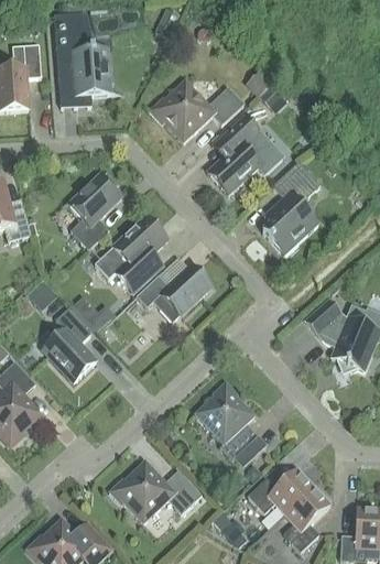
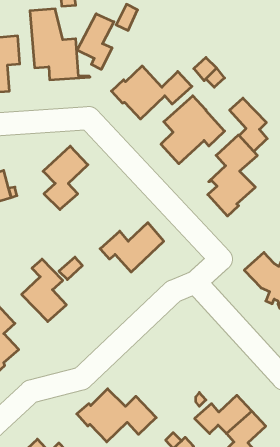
building: none -> [77,14,114,69]
building: none -> [230,98,267,152]
building: [94,216,167,293] -> none
building: [195,380,258,459] -> none

